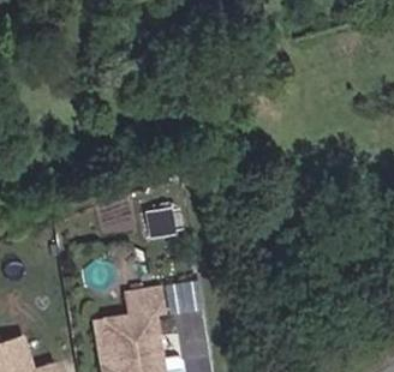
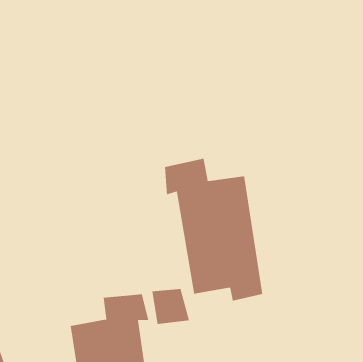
building: none -> [164,158,263,301]

